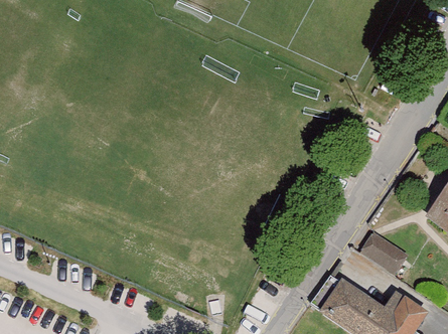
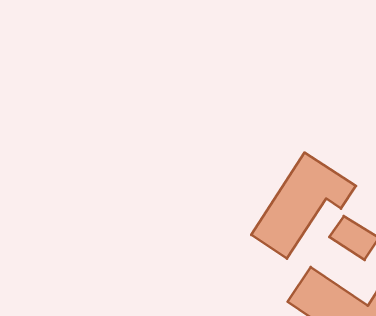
building: none -> [251,153,356,259]

